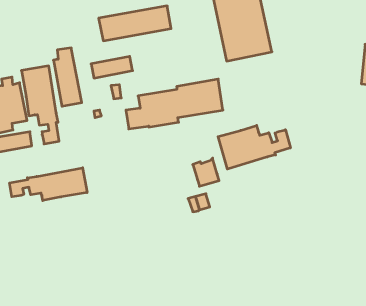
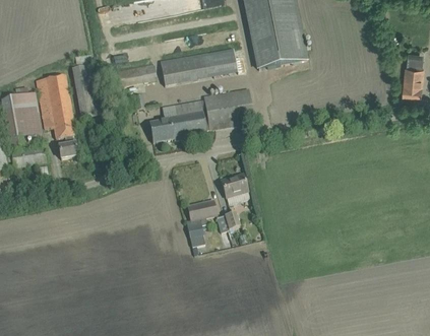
building: [99,6,171,41] -> [159,47,237,84]
building: [218,125,290,169] -> none
building: [10,168,87,201] -> none
building: none -> [185,199,216,246]

